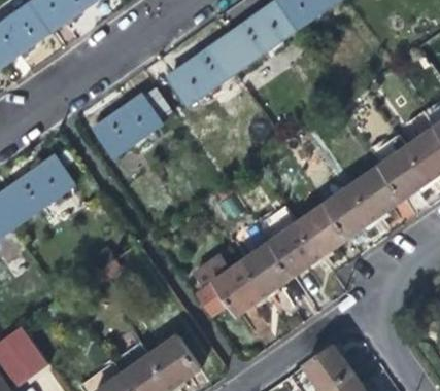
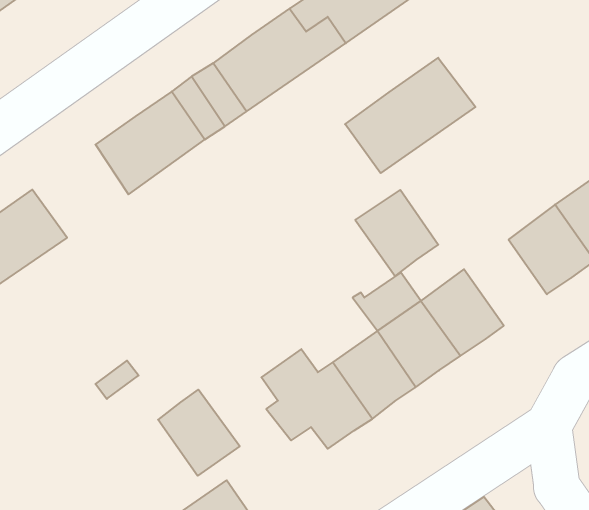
building: none -> [345,58,475,173]
building: [321,185,373,239] -> [355,190,438,276]
building: none -> [158,390,240,476]

